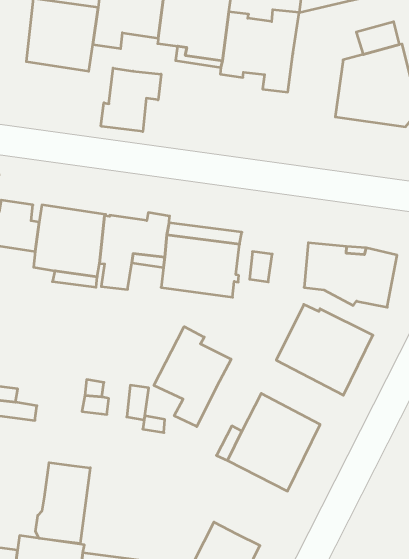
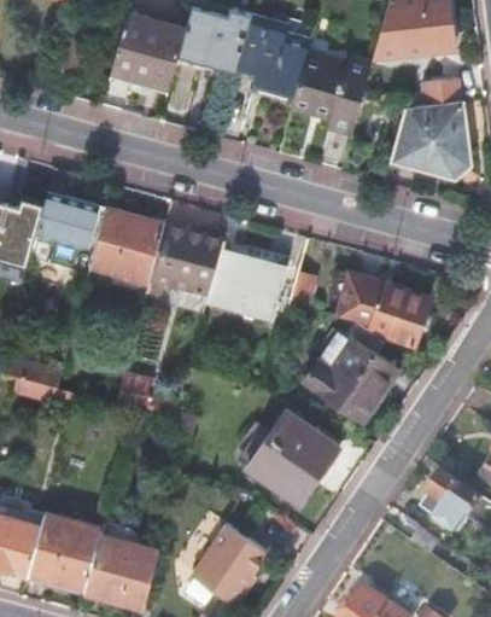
building: [101,68,161,132] -> none
building: [154,327,231,427] -> none
building: [35,463,90,544] -> none

